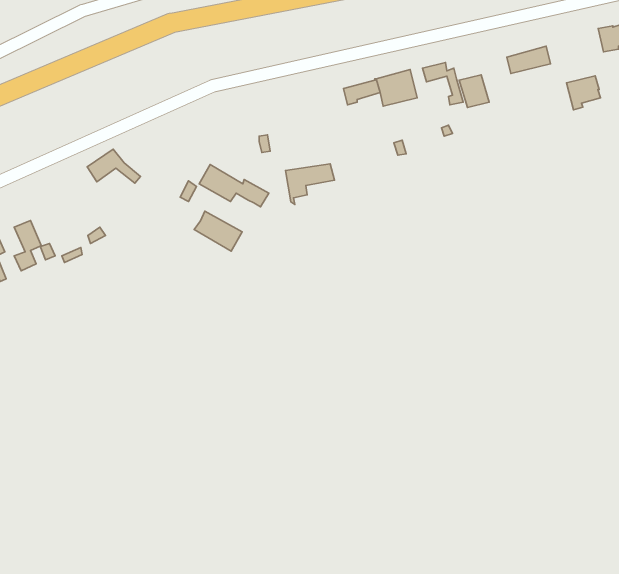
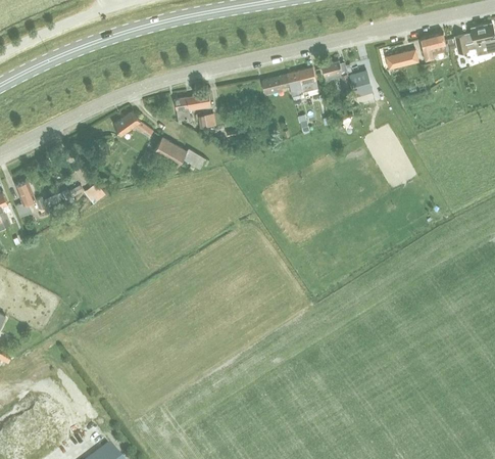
building: [567,76,601,110] -> [419,33,445,58]
building: [87,149,140,183] -> [112,110,152,136]
building: [285,164,334,205] -> [174,93,210,124]
building: [194,211,242,251] -> none

